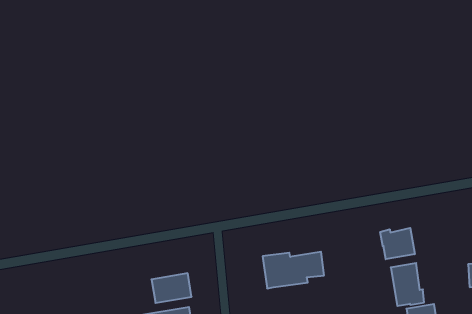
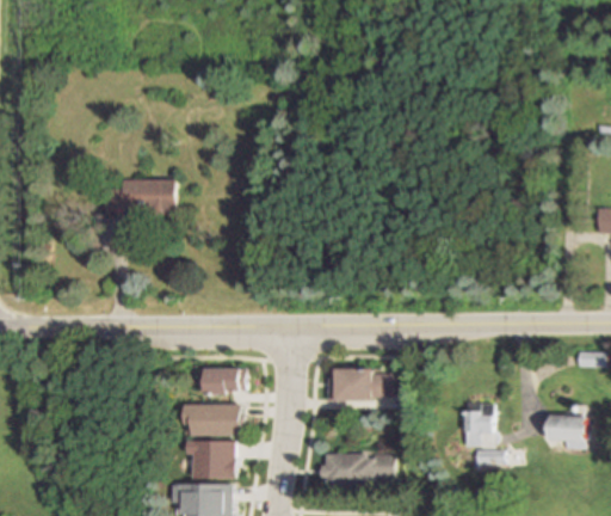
building: none -> [101,176,174,213]
building: [380,228,415,259] -> none

